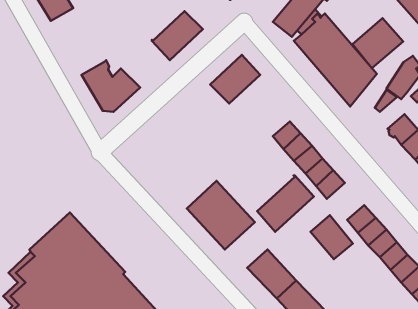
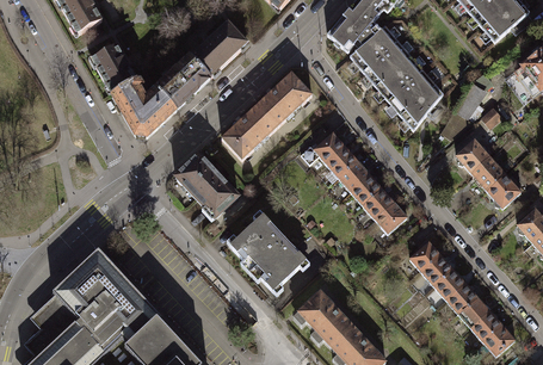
building: [352,18,403,68] -> none
building: none -> [91,45,136,94]
building: none -> [155,56,210,109]
building: none -> [221,105,277,160]
building: none -> [300,132,345,163]
building: none -> [174,154,237,221]
building: [257,176,314,232] -> none
building: [311,215,353,259] -> none

